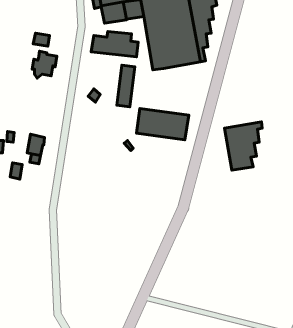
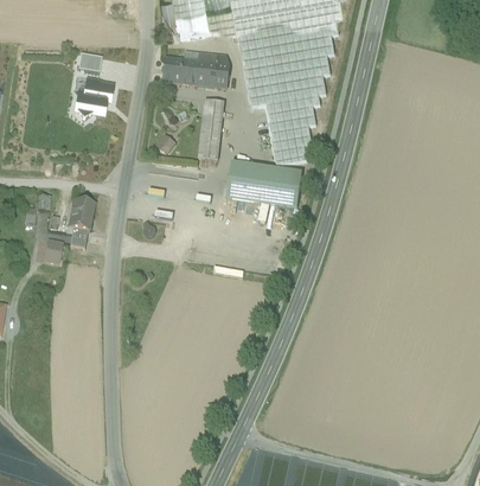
building: [225,122,262,170] -> [265,94,320,164]

